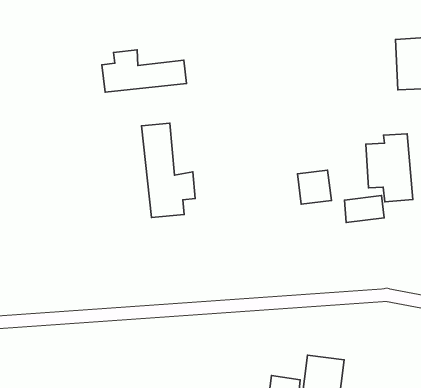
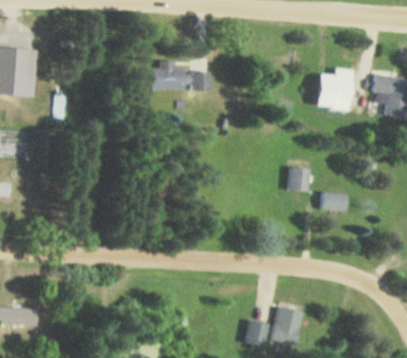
building: [142,123,195,217] -> none
building: [366,134,413,202] -> [319,68,353,120]

